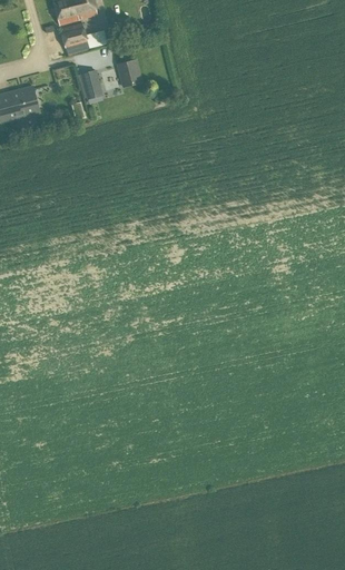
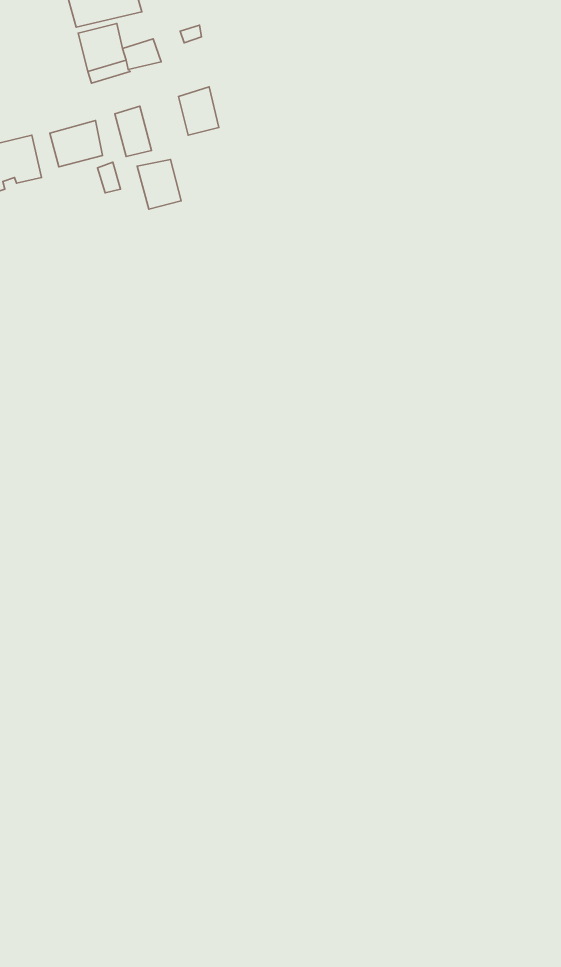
building: none -> [50,121,103,167]
building: none -> [137,160,181,209]

